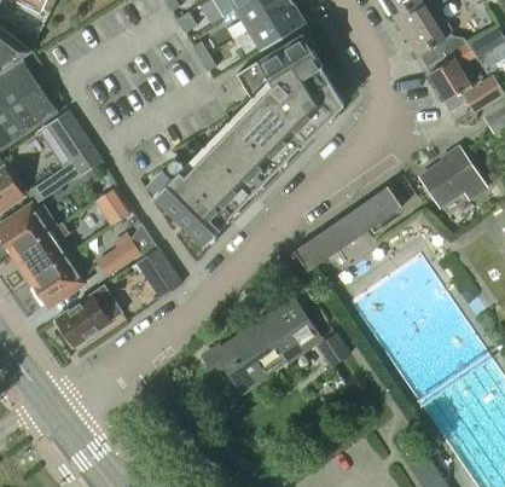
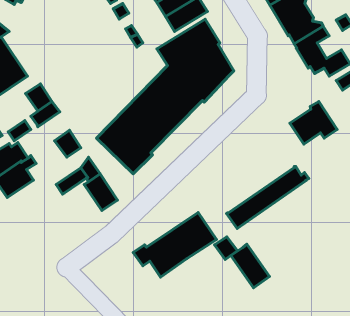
building: [292,186,406,272] -> [227,166,309,228]
building: [29,256,83,307] -> none
building: [56,285,122,347] -> none
building: none -> [231,244,270,288]

